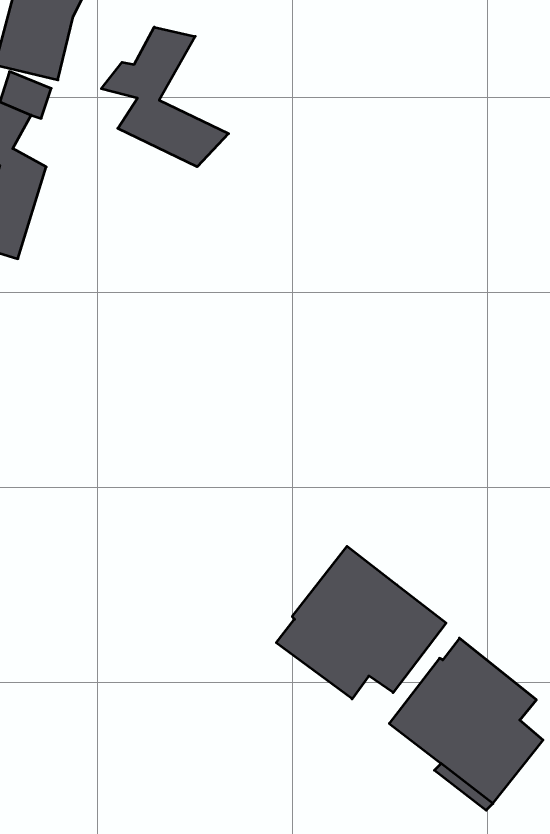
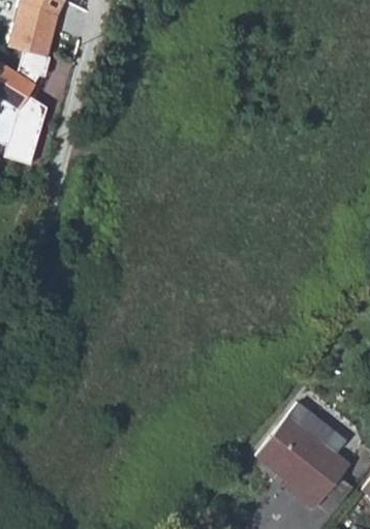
building: [101,27,229,167] -> none
building: [276,546,446,699] -> none

